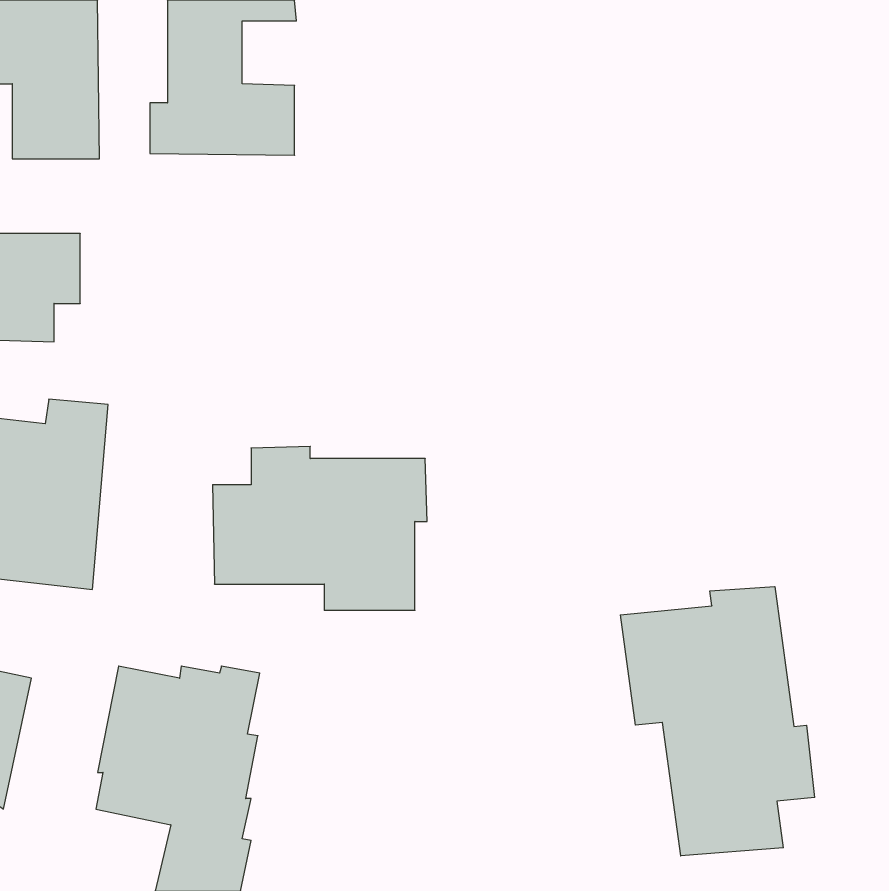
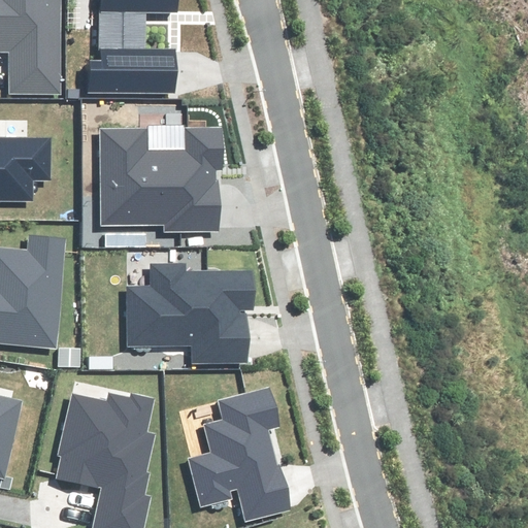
building: none -> [99,128,222,230]
building: [620,587,815,856] -> none
building: none -> [190,388,290,521]

